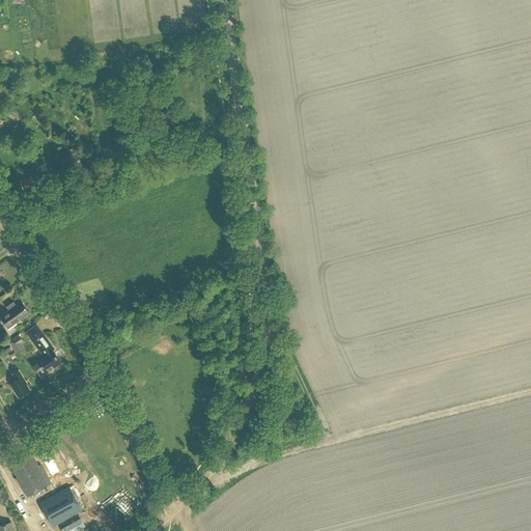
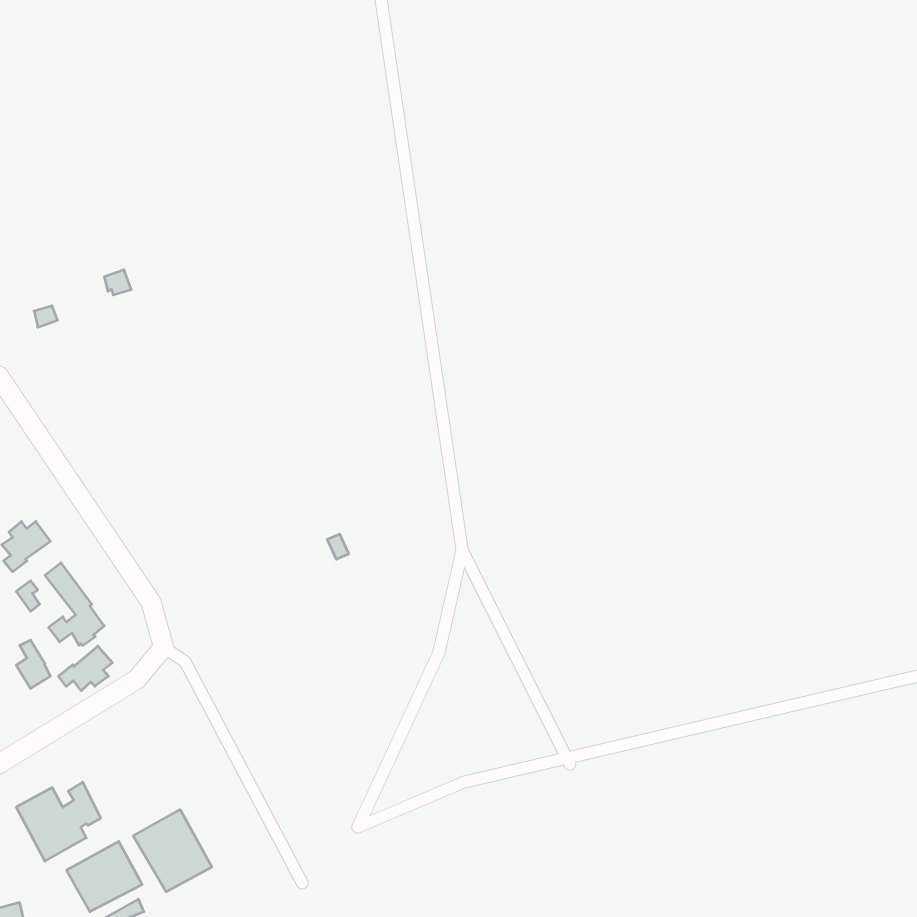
building: none -> [59,646,112,691]
building: none -> [133,810,212,892]

